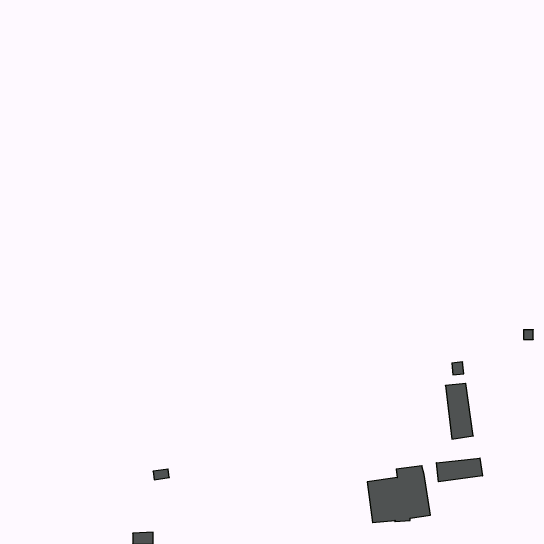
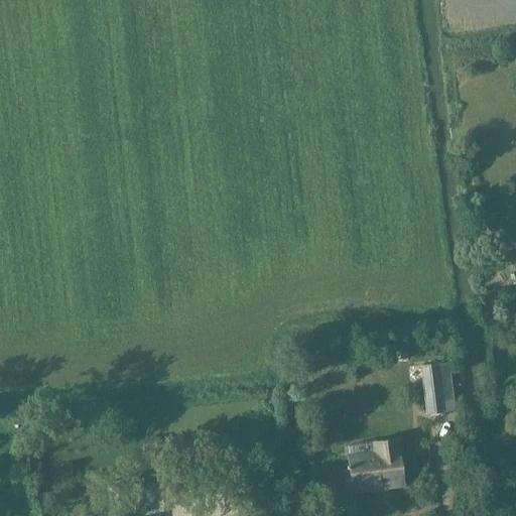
building: [436,458,482,482] -> none

